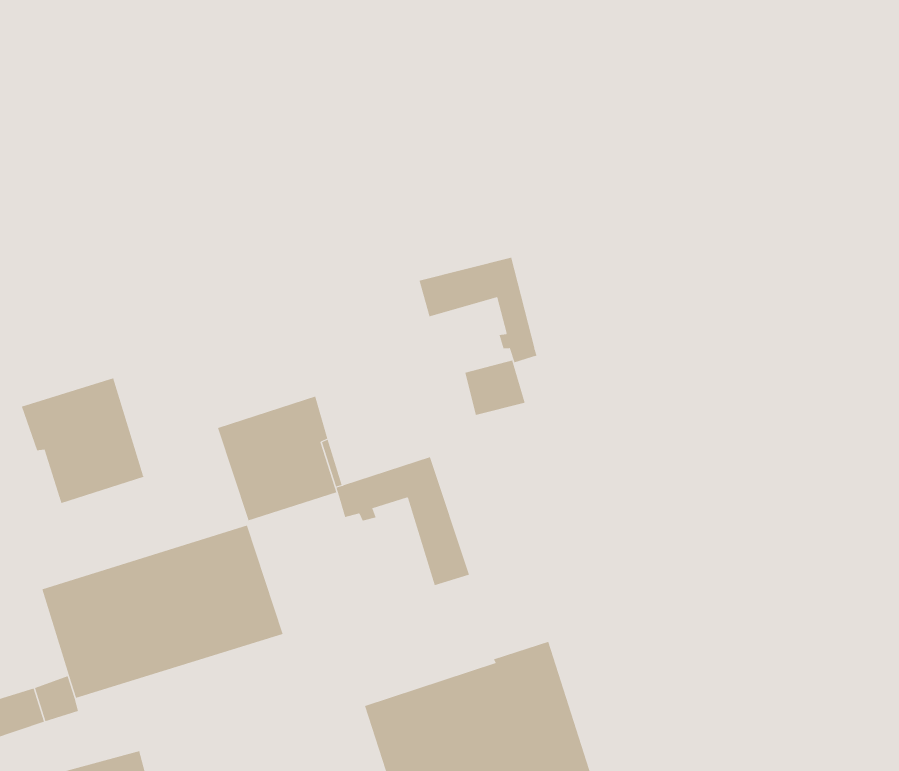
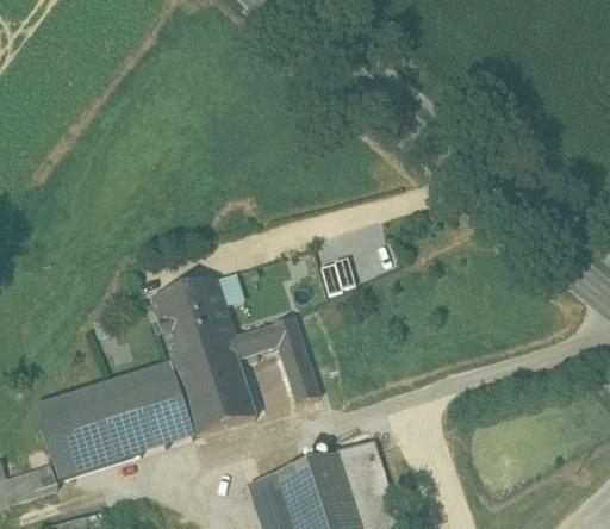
building: [419,257,537,363] -> none
building: [21,377,144,504] -> none
building: none -> [170,340,254,434]

